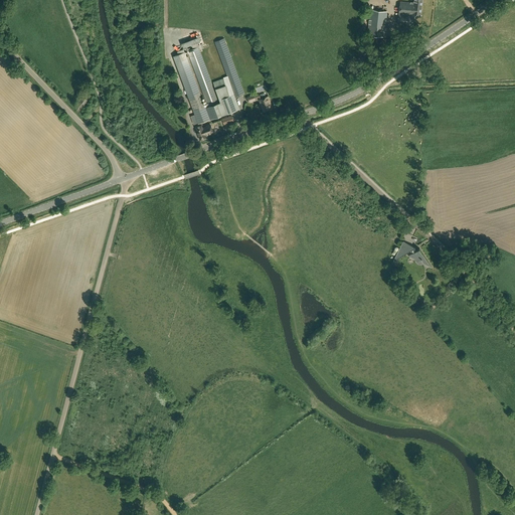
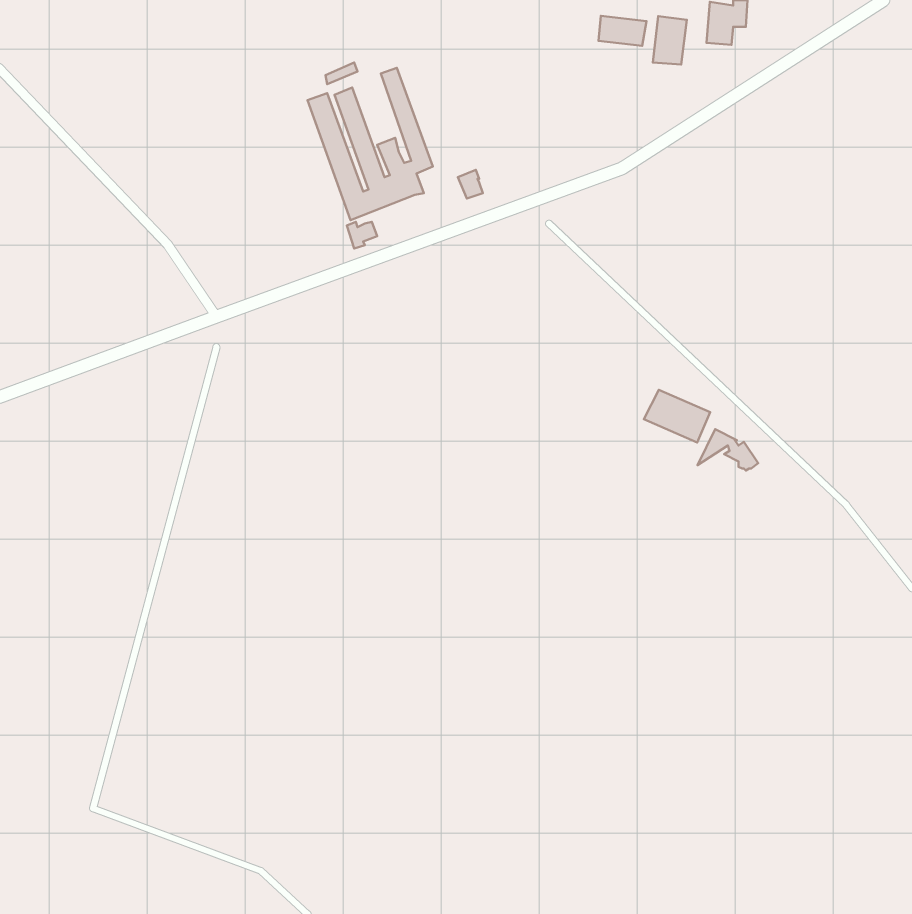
building: none -> [598,16,647,46]
building: none -> [644,390,710,443]

